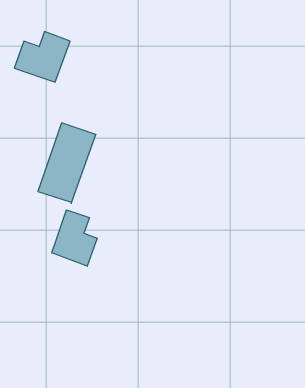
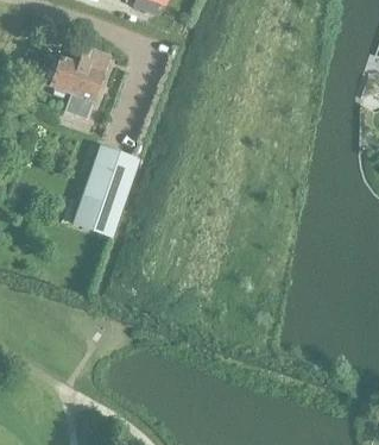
building: [52,210,97,266] -> none

